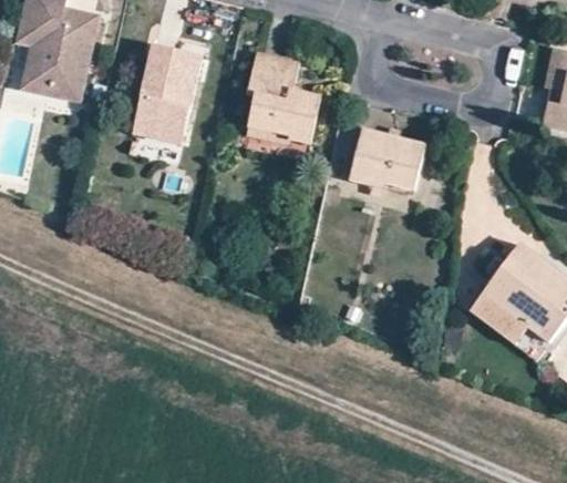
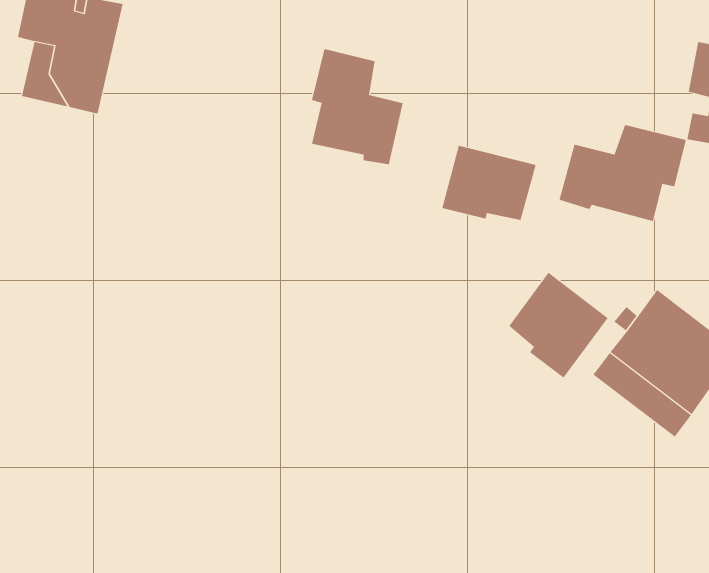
building: [134,45,200,144] -> none
building: none -> [559,124,686,222]
building: none -> [509,272,609,379]

